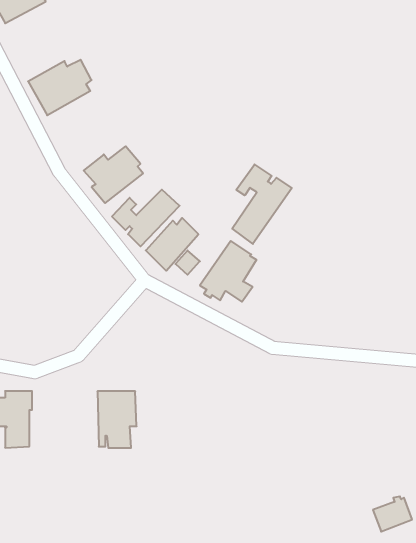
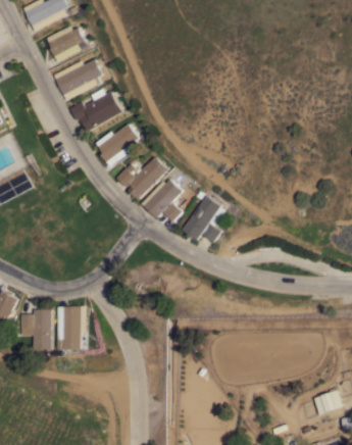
building: none -> [46,26,84,62]
building: none -> [68,91,120,132]
building: [232,164,292,244] -> none
building: [97,391,137,448] -> [58,306,88,349]

